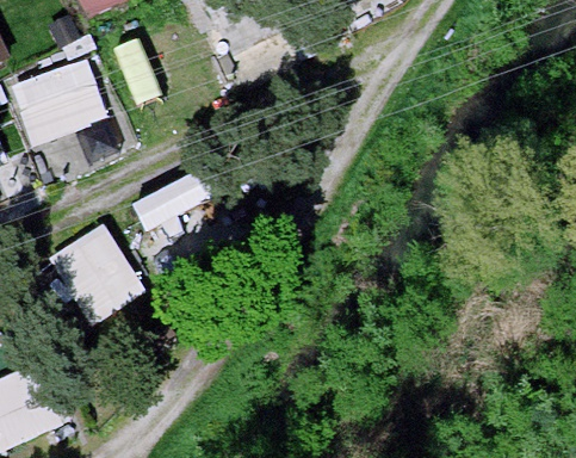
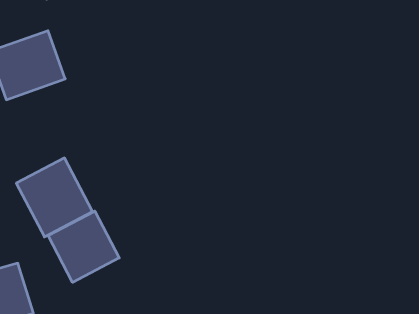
building: none -> [48,211,119,282]

